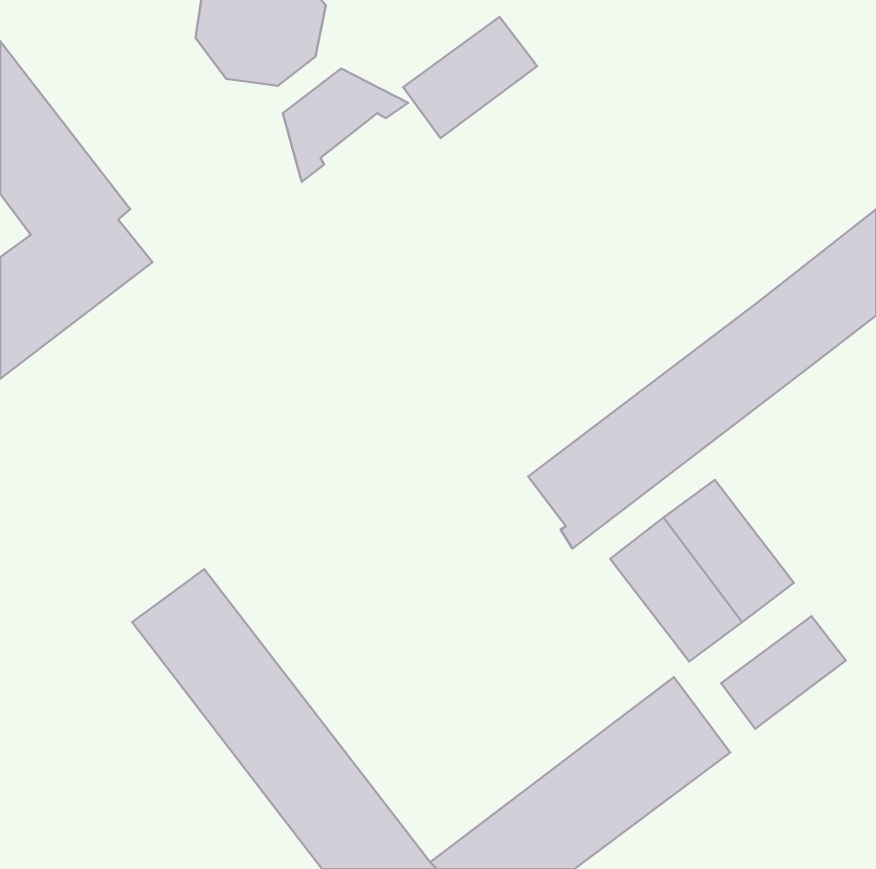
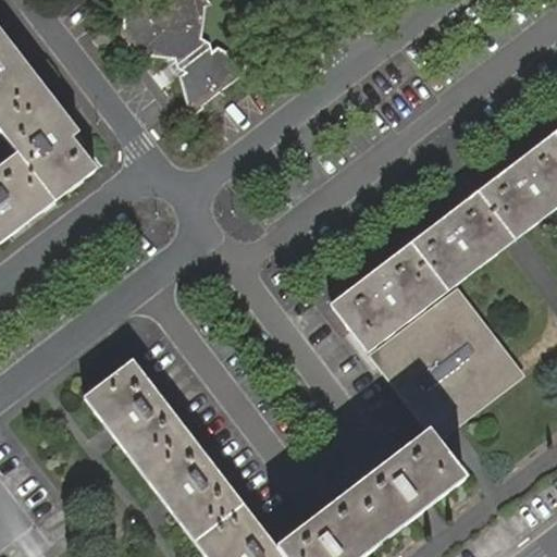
building: [403,17,537,138] -> none
building: [721,616,846,729] -> none

